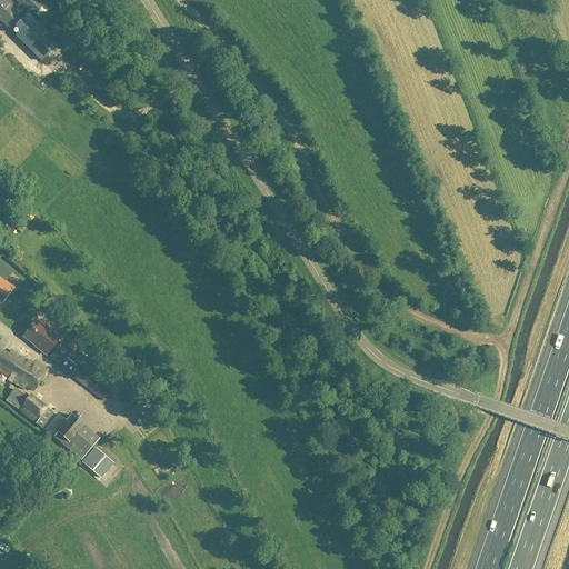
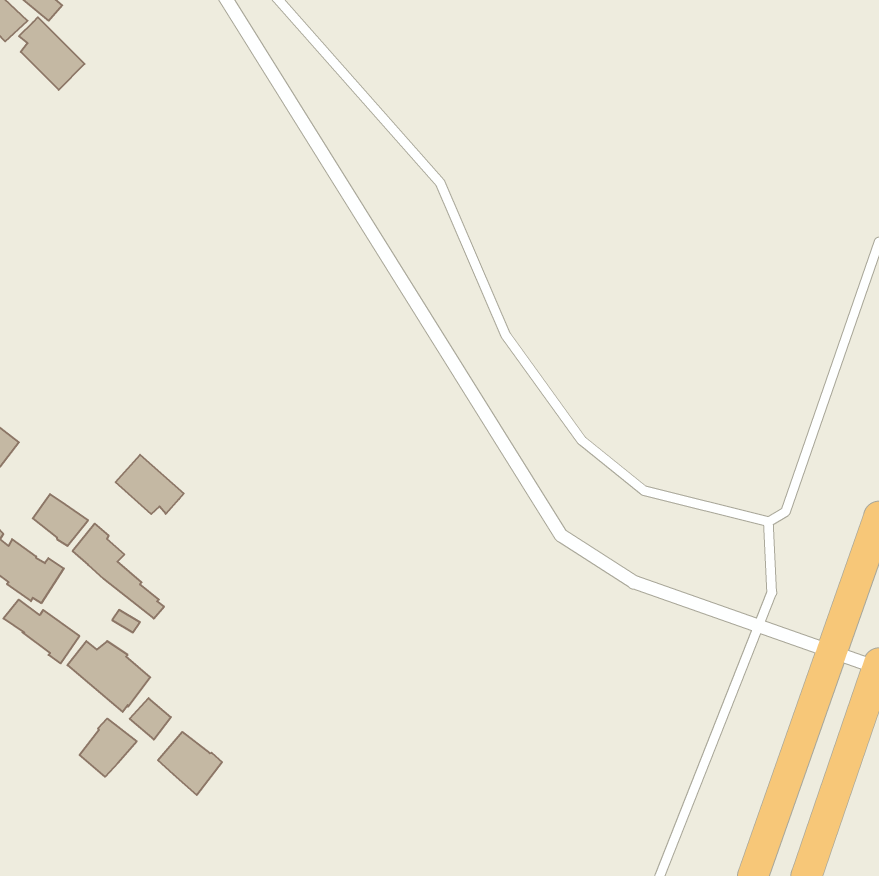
building: none -> [116,455,184,514]
building: none -> [80,719,137,777]
building: none -> [158,732,222,795]

